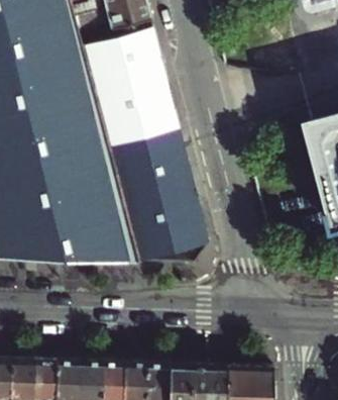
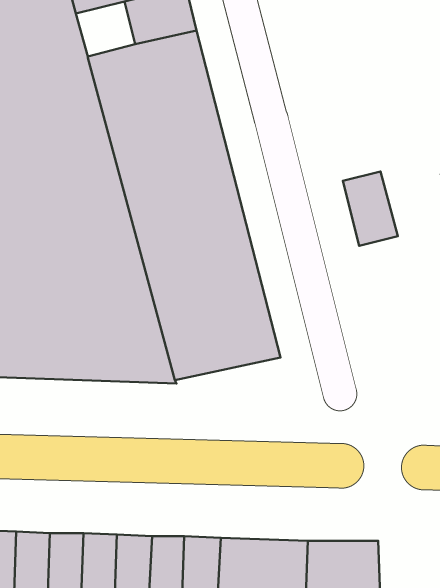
building: none -> [343,172,398,246]

